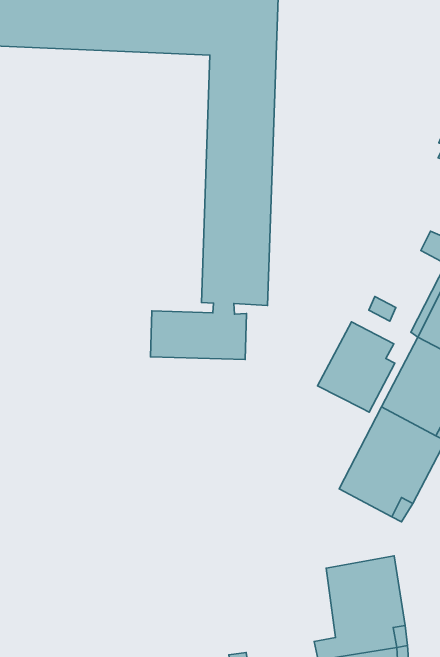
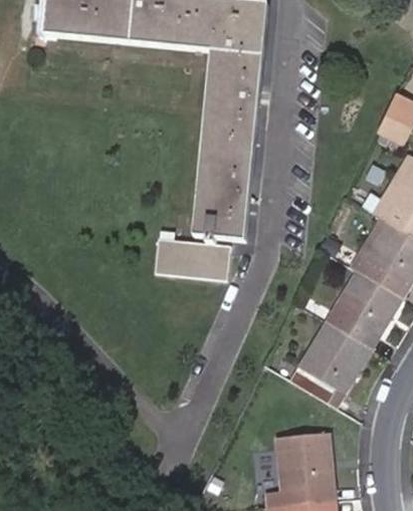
building: [318,322,395,412] -> none

